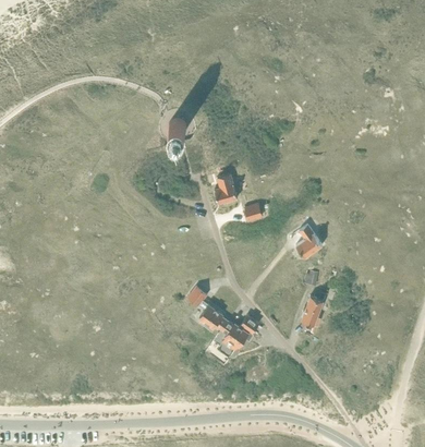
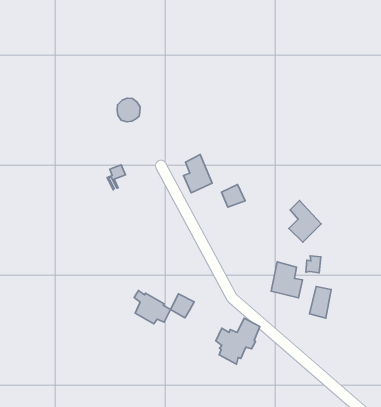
building: none -> [271,262,303,298]
building: [197,301,227,330] -> [134,290,170,324]

